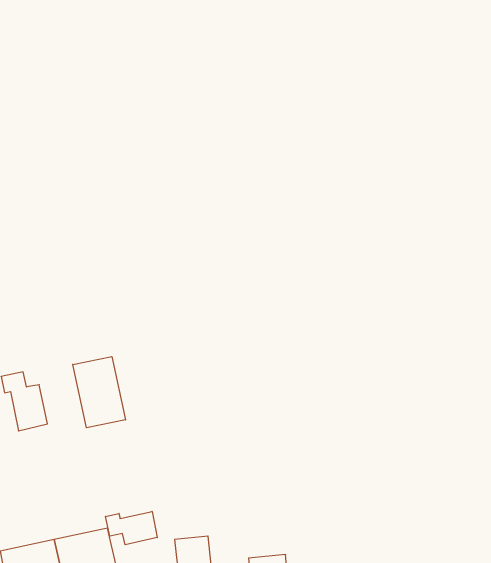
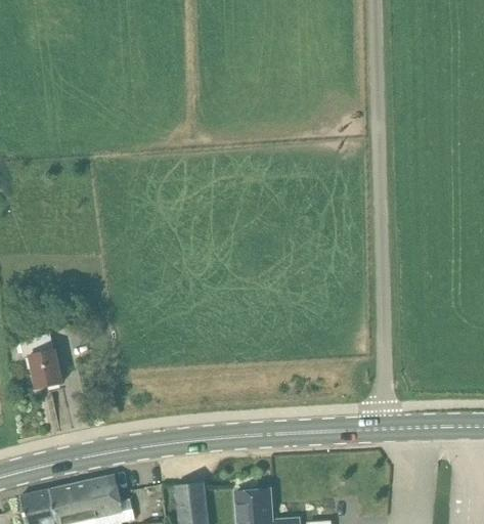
building: [73,357,125,428] -> none
building: [106,511,157,545] -> none

